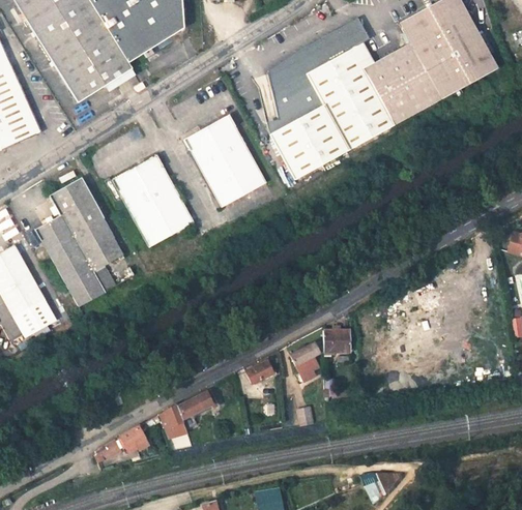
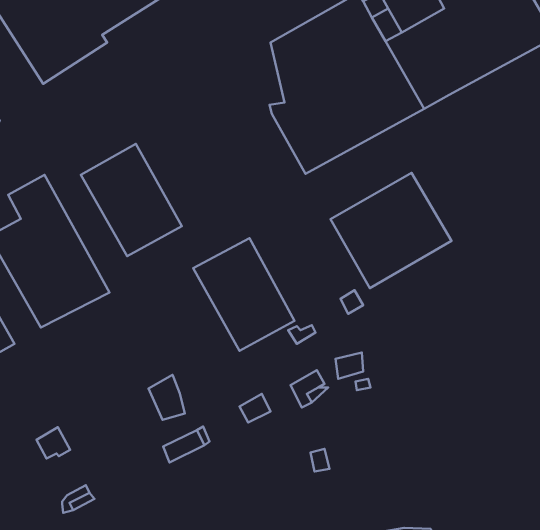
building: [182,114,266,207] -> [193,238,294,351]
building: none -> [330,173,452,288]
building: [157,402,187,440] -> [149,375,185,420]
building: [120,423,148,449] -> [36,427,70,459]

